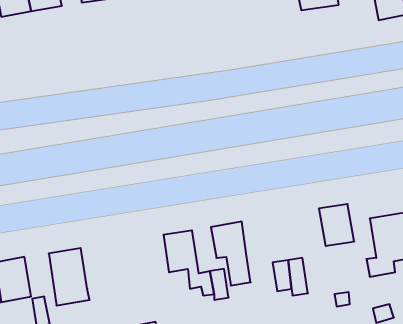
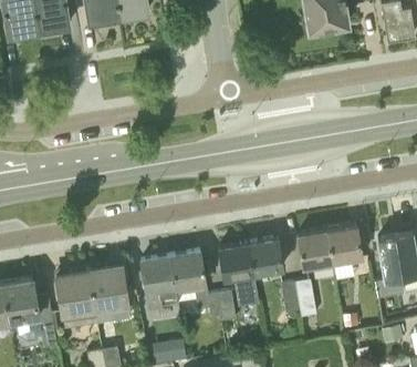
building: none -> [298,230,334,273]
building: none -> [250,238,283,275]
building: none -> [140,256,178,309]
building: none -> [88,264,131,322]

